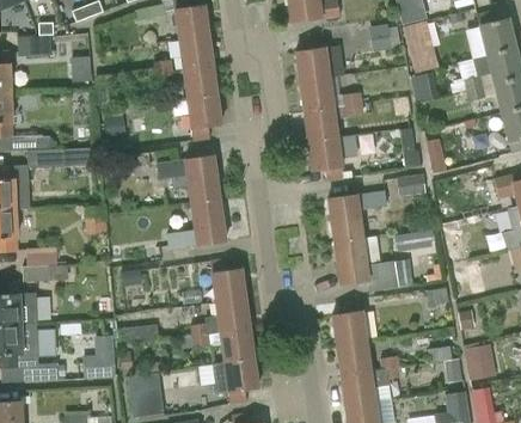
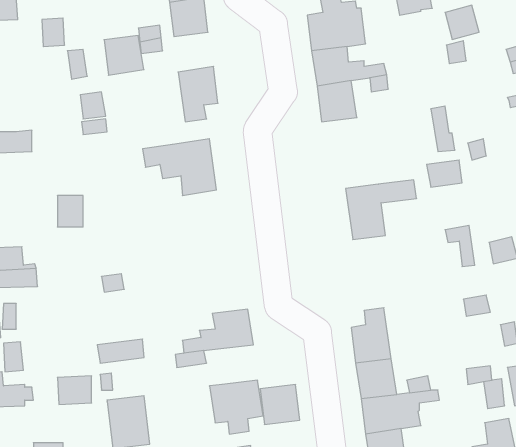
building: [183,66,216,99] -> [104,36,144,75]
building: [307,134,357,180] -> none
building: [166,198,225,249] -> none
building: [333,237,407,286] -> none
building: [209,258,245,302] -> none
building: [220,329,253,362] -> [260,385,300,424]

